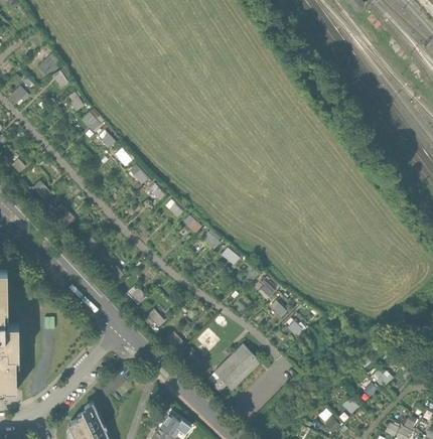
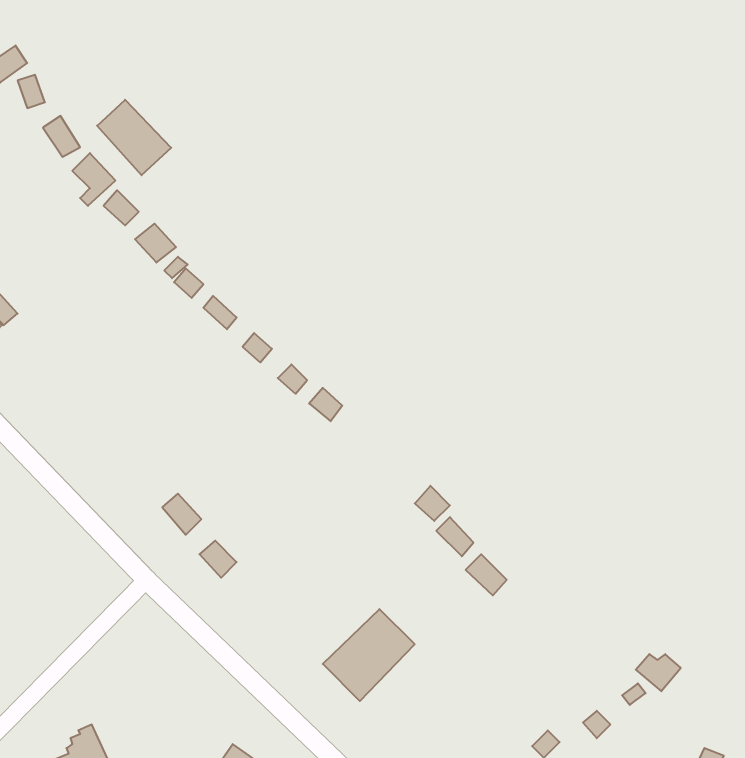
building: none -> [97,100,171,175]

